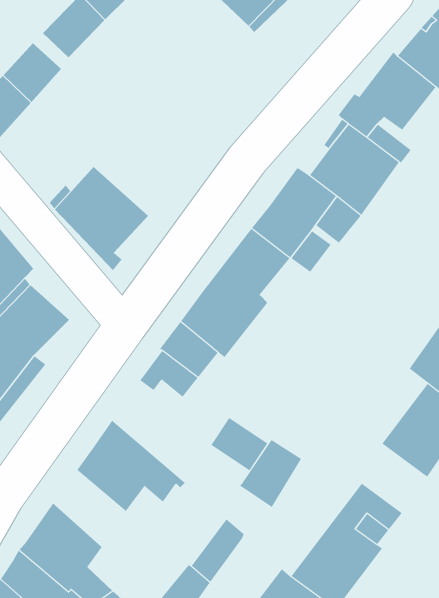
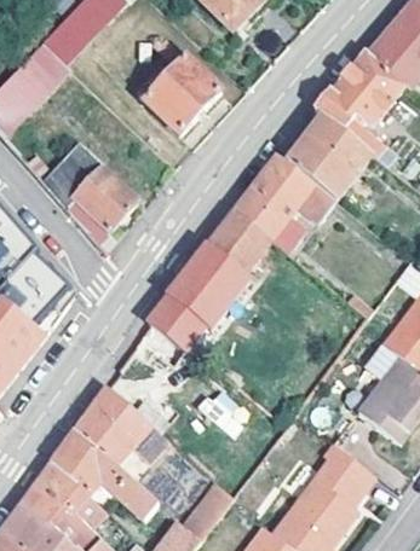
building: none -> [140,56,220,134]
building: [239,439,302,508] -> none
building: none -> [51,433,153,515]

